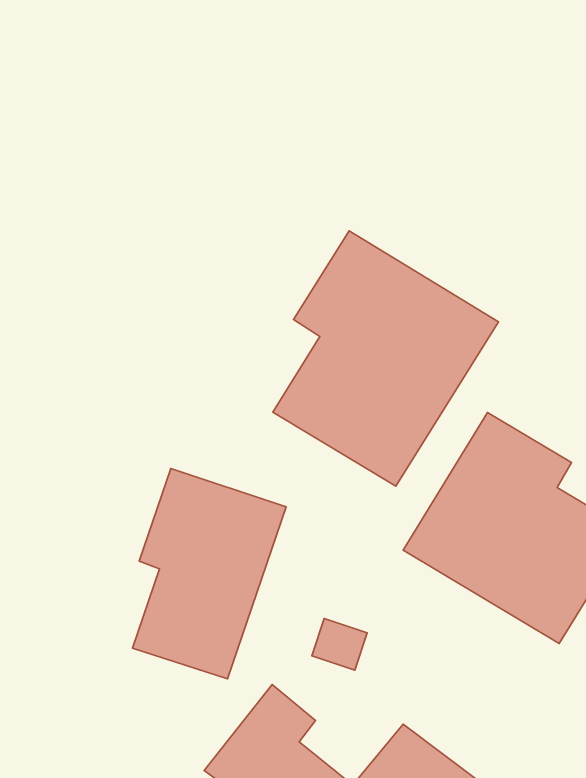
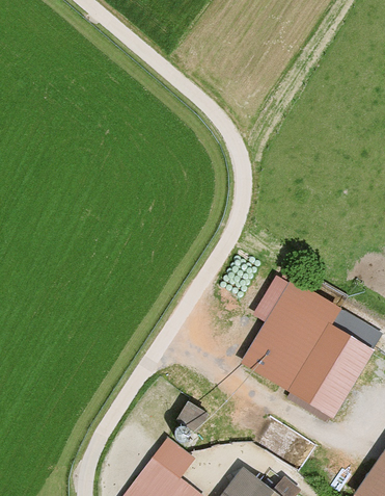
building: [273,231,498,486] -> none
building: [132,468,286,679] -> none

